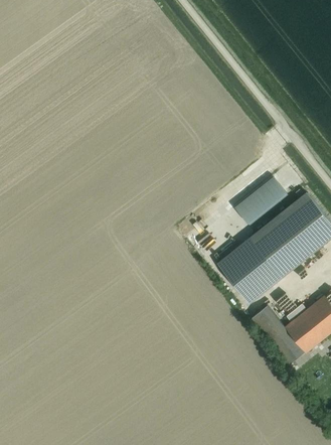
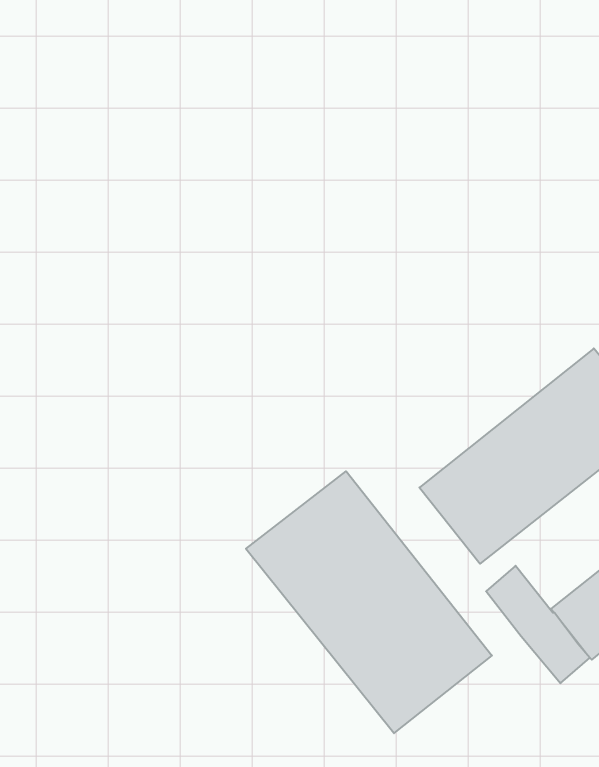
building: [233,175,288,226] -> none
building: none -> [246,471,492,733]

